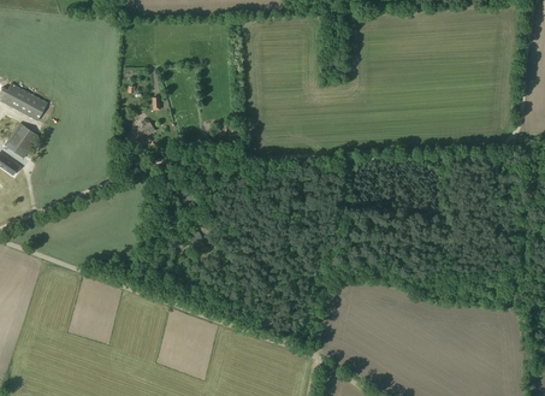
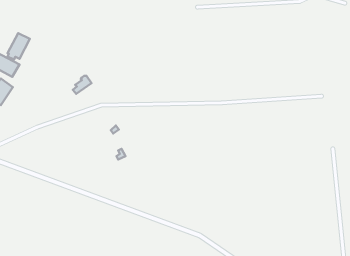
building: none -> [7,33,30,59]

